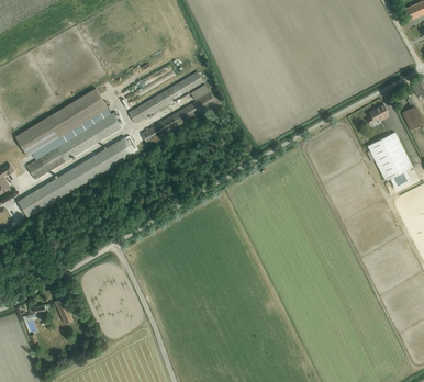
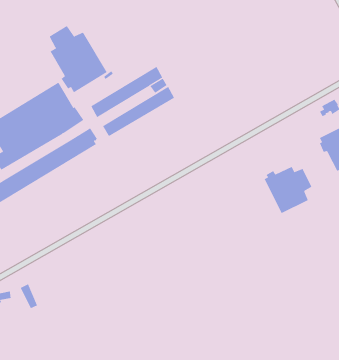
building: none -> [49,25,108,93]
building: none -> [264,166,312,214]

